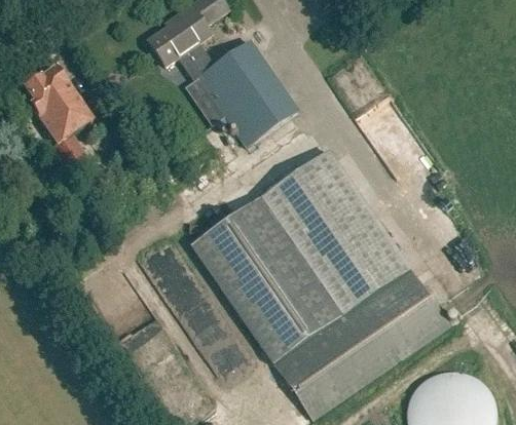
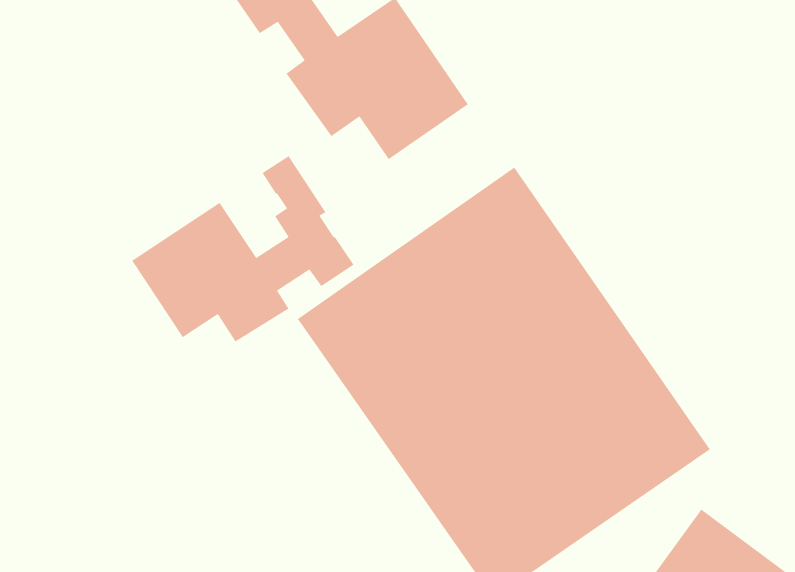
building: [26,67,95,178] -> none
building: none -> [131,155,354,343]

